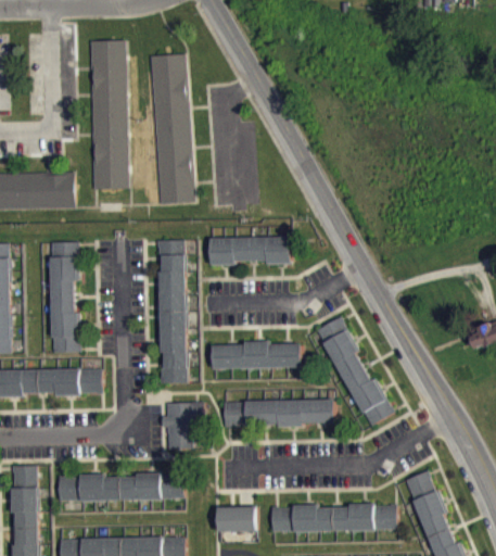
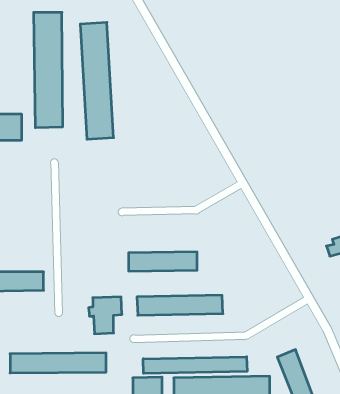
building: [209,237,290,264] -> none
building: [156,240,186,383] -> none
building: [50,242,77,352] -> none
building: [318,316,389,427] -> none
building: none -> [143,357,247,373]

